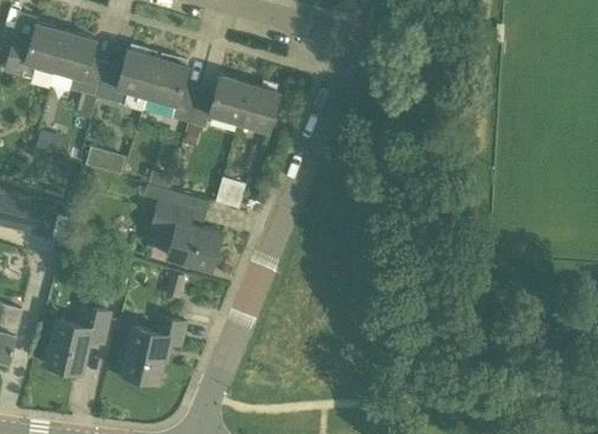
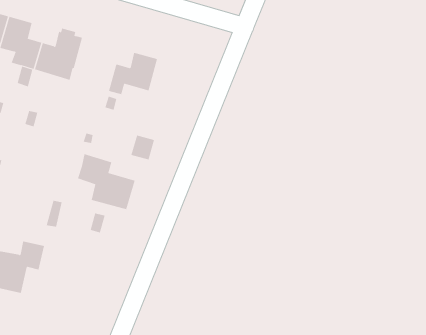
building: [142,56,198,123] -> none
building: [239,83,279,131] -> none
building: [122,316,187,380] -> none

